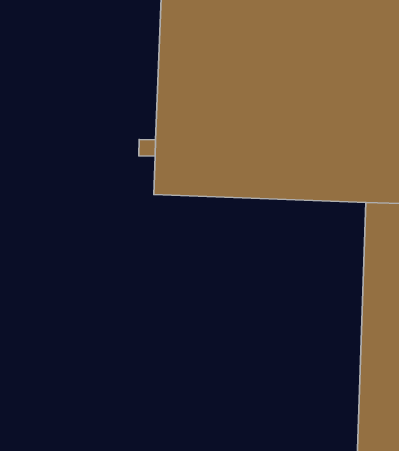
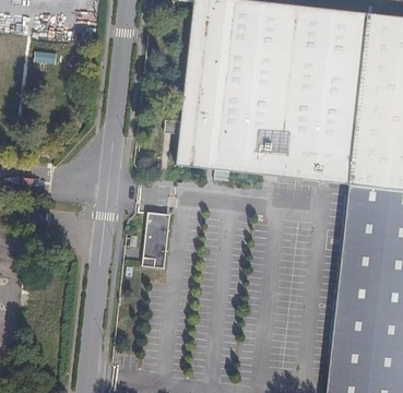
building: none -> [143,213,170,269]

